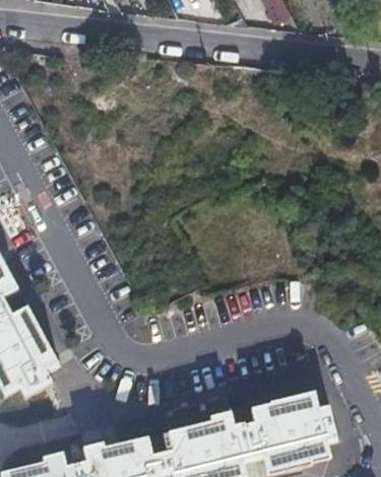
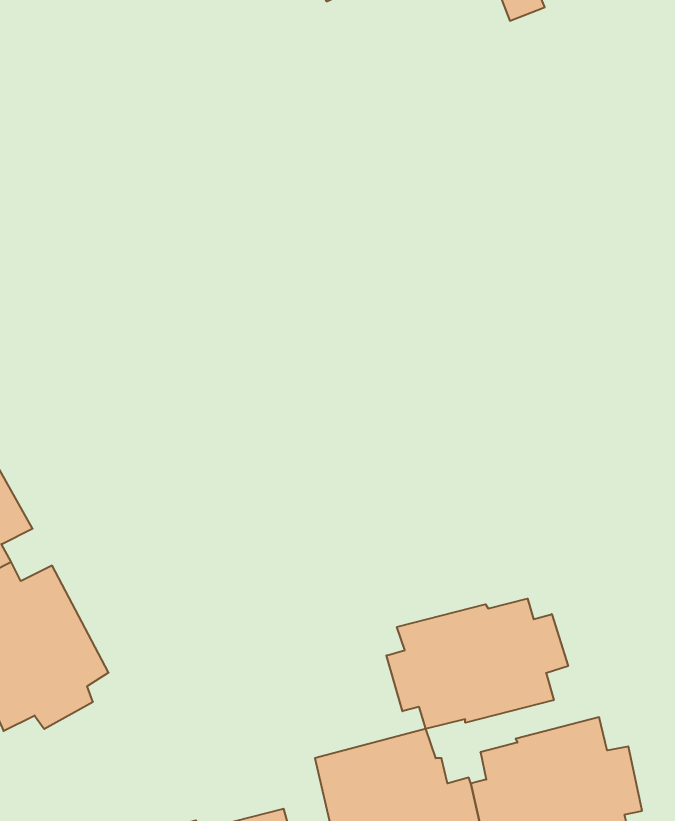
building: none -> [386,599,568,729]

